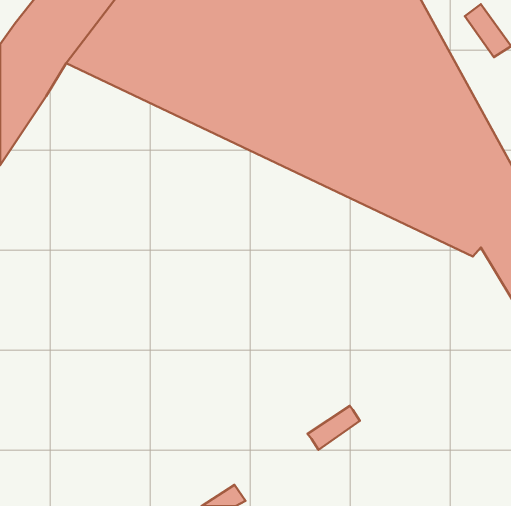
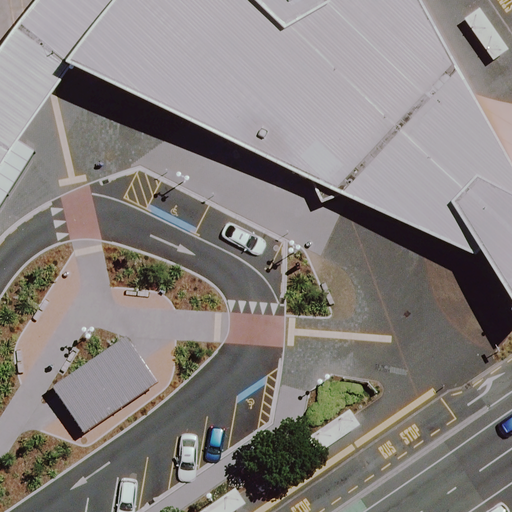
building: none -> [52,331,157,428]

